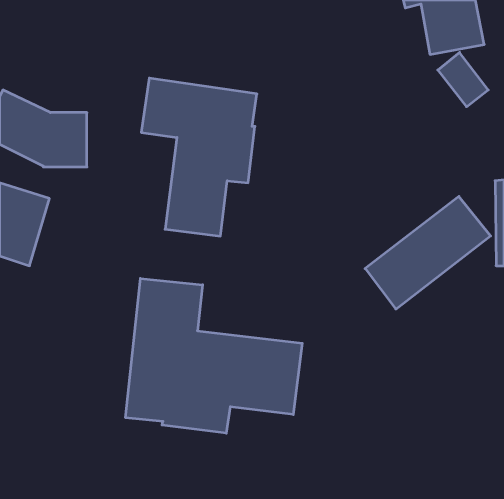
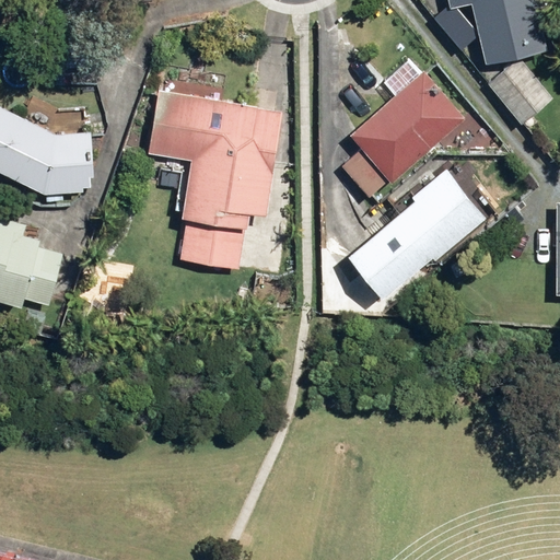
building: none -> [337,78,459,203]
building: [365,196,491,309] -> [340,182,479,306]
building: [126,278,302,433] -> none

